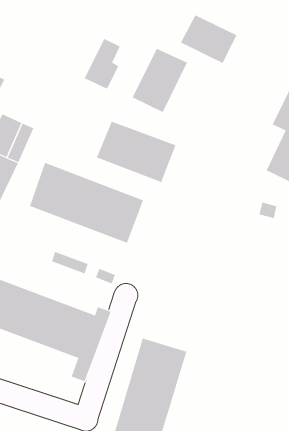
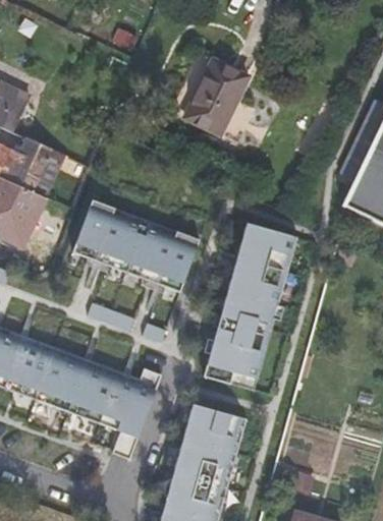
building: [180,14,237,64] -> none
building: [84,38,121,90] -> none
building: [96,121,176,183] -> none
building: none -> [208,223,299,378]

